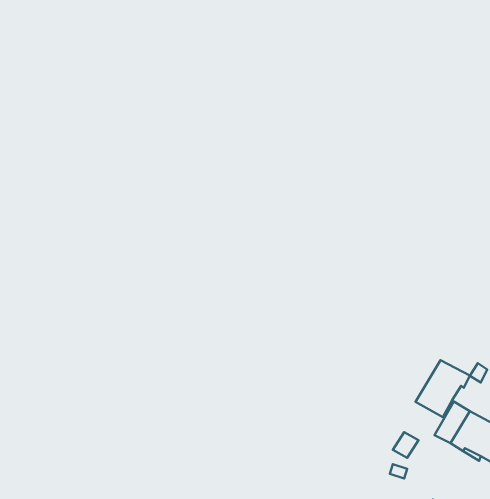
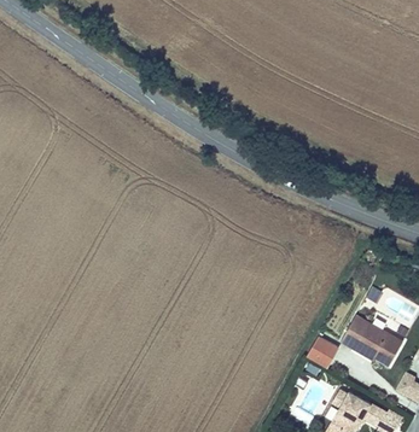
building: [416,360,470,417] -> none

